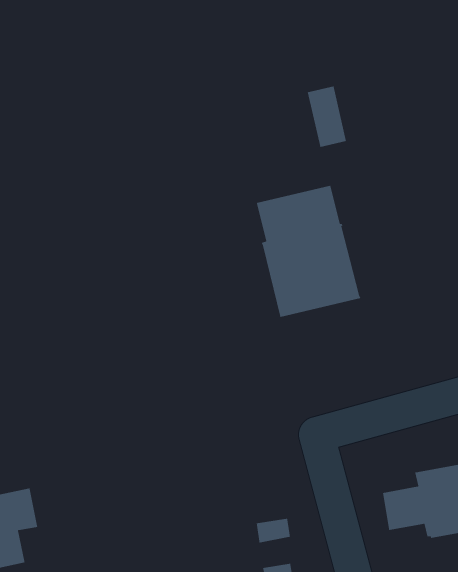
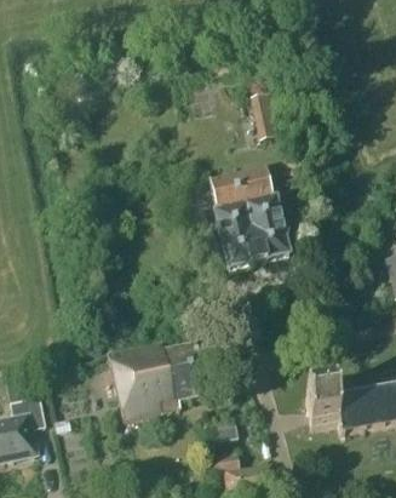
building: none -> [109,339,206,420]

